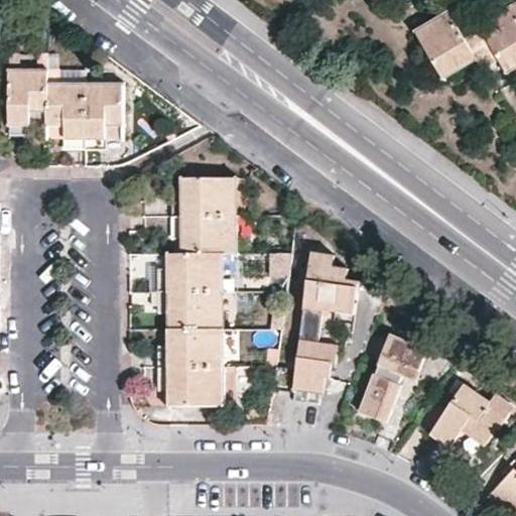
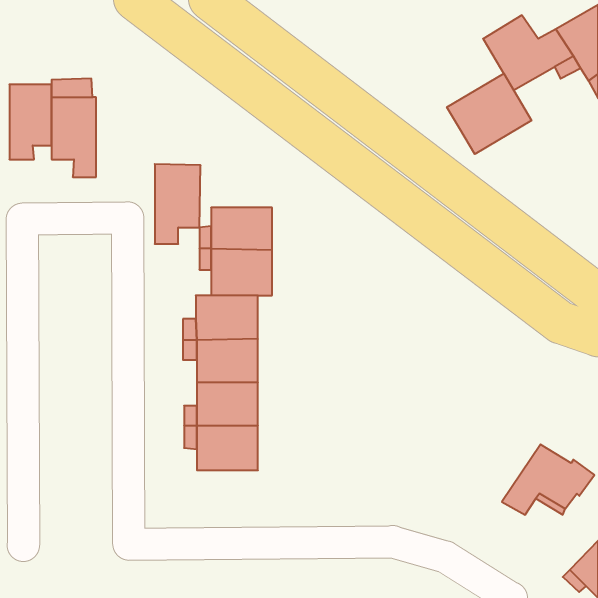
building: none -> [447,74,531,154]
building: [83,84,122,152] -> [155,164,201,244]
building: [292,249,359,389] -> none
building: [362,332,427,418] -> none

